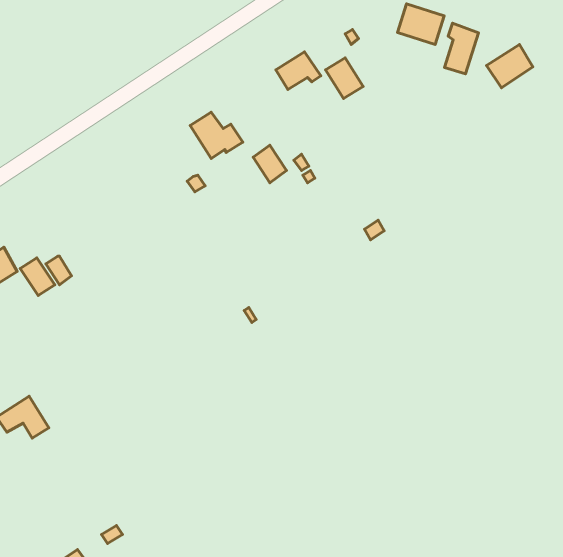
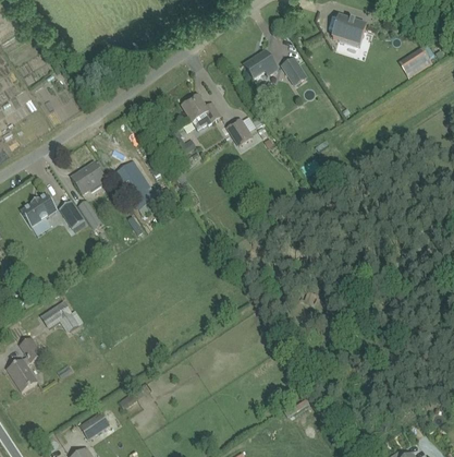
building: [445,23,479,74] -> none
building: none -> [113,160,155,209]
building: none -> [70,163,105,194]

